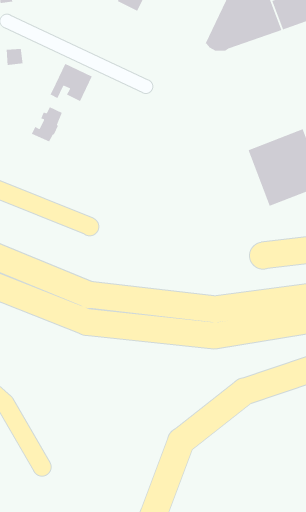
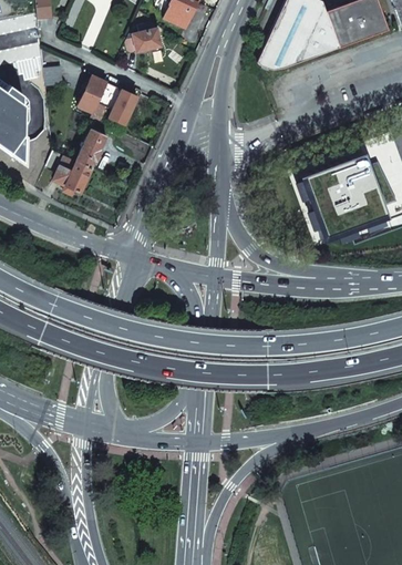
building: none -> [125,22,161,53]
building: none -> [79,75,107,112]
building: none -> [53,155,91,192]

